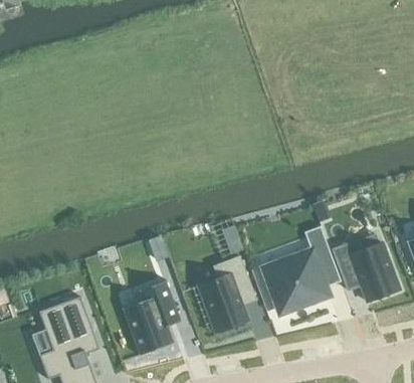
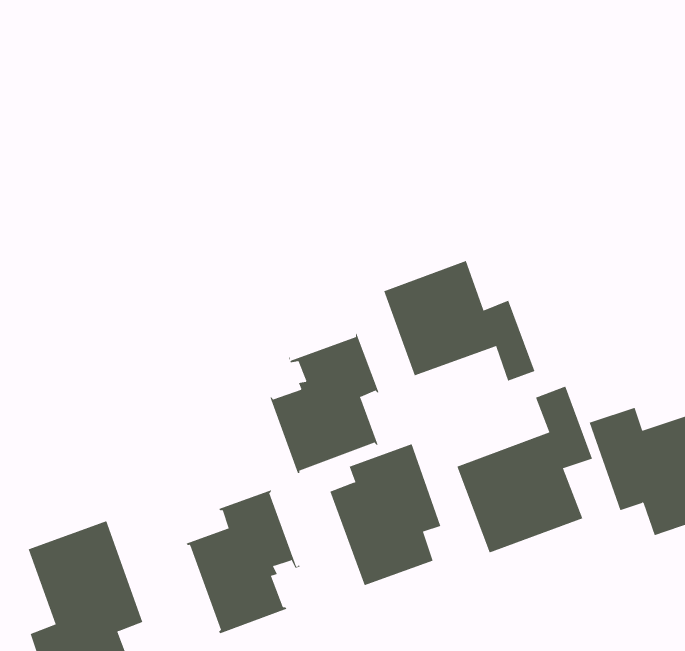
building: none -> [384,260,535,381]
building: none -> [270,332,379,474]

